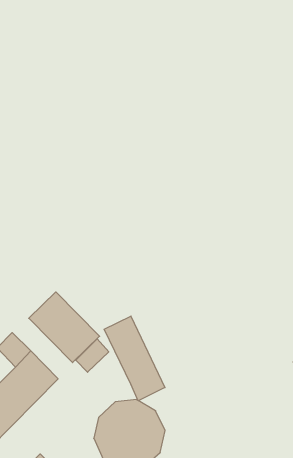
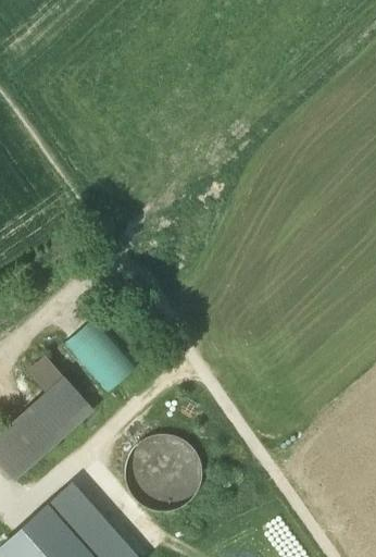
building: [104,316,165,401] -> none
building: [76,339,109,372] -> none

